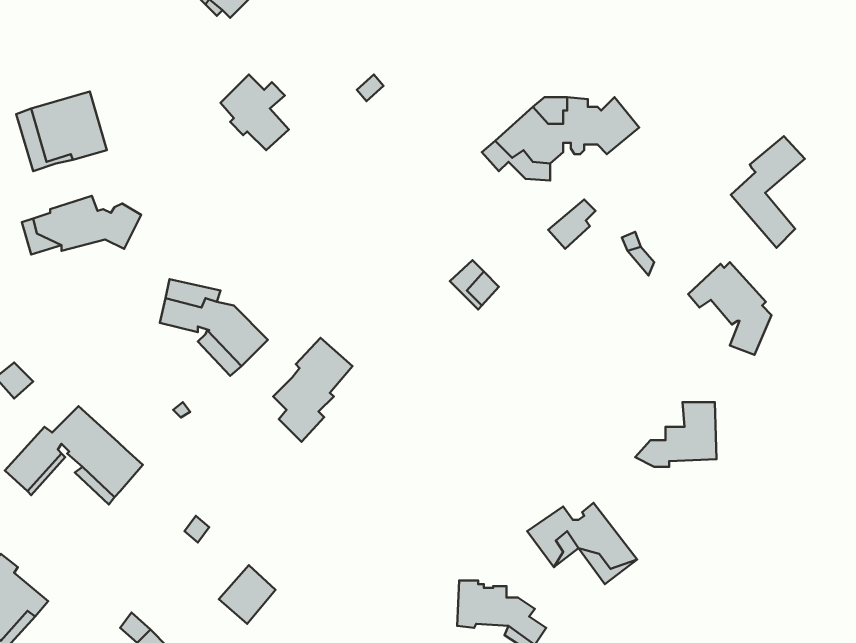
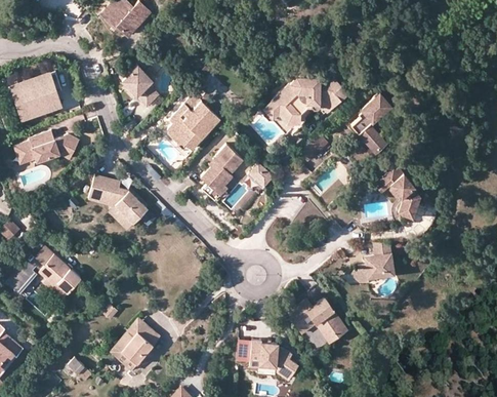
building: none -> [165,96,218,150]
building: [731,136,805,248] -> [351,94,391,155]
building: [273,338,353,442] -> [201,146,244,202]
building: none -> [115,317,160,350]

